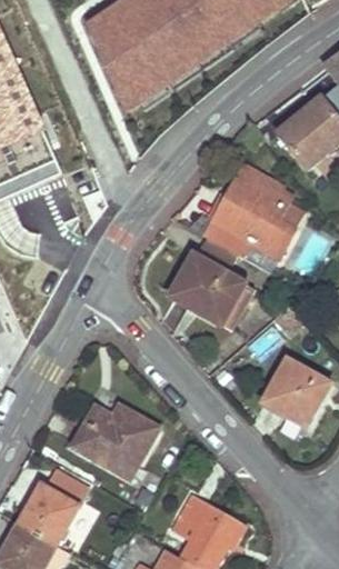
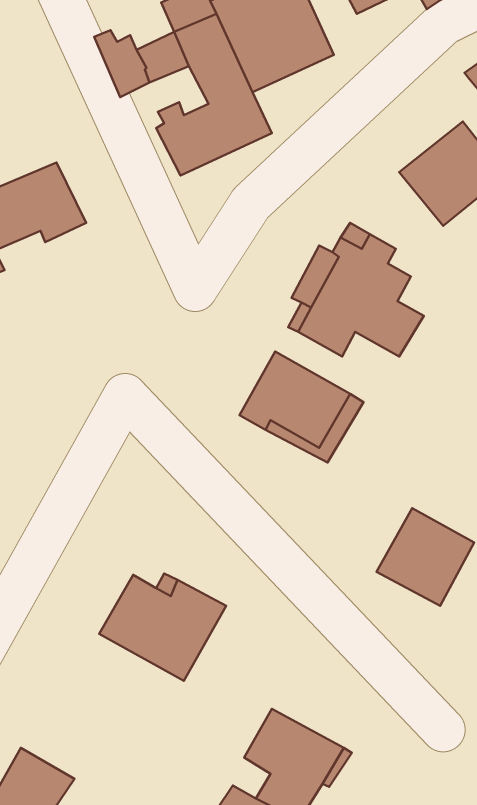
building: [20,483,78,542] -> none

